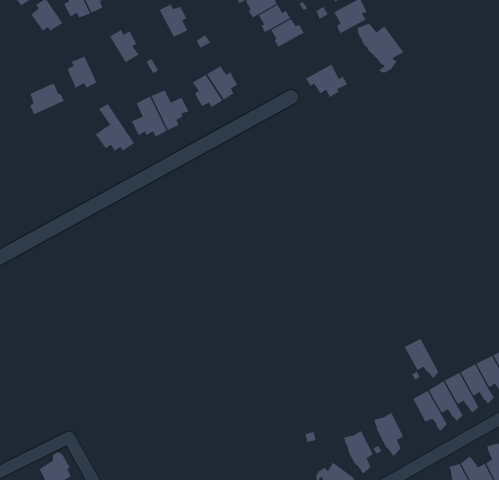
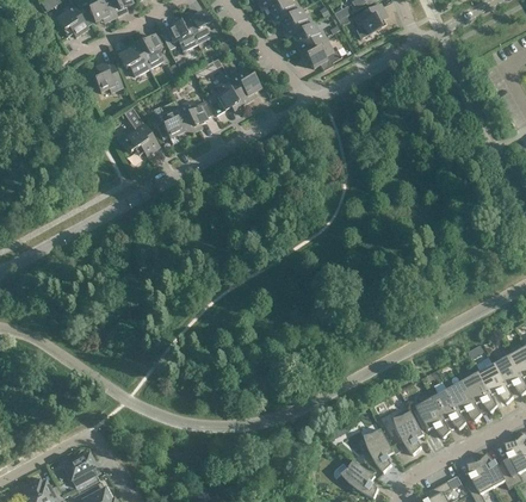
building: none -> [162,13,197,48]
building: [357,23,404,73] -> none
building: none -> [118,39,149,74]
building: [305,64,348,98] -> [299,36,341,69]
building: [29,79,65,115] -> none
building: [404,338,439,379] -> [415,396,450,436]

